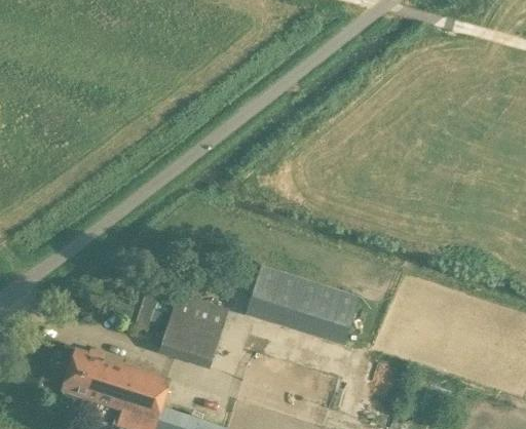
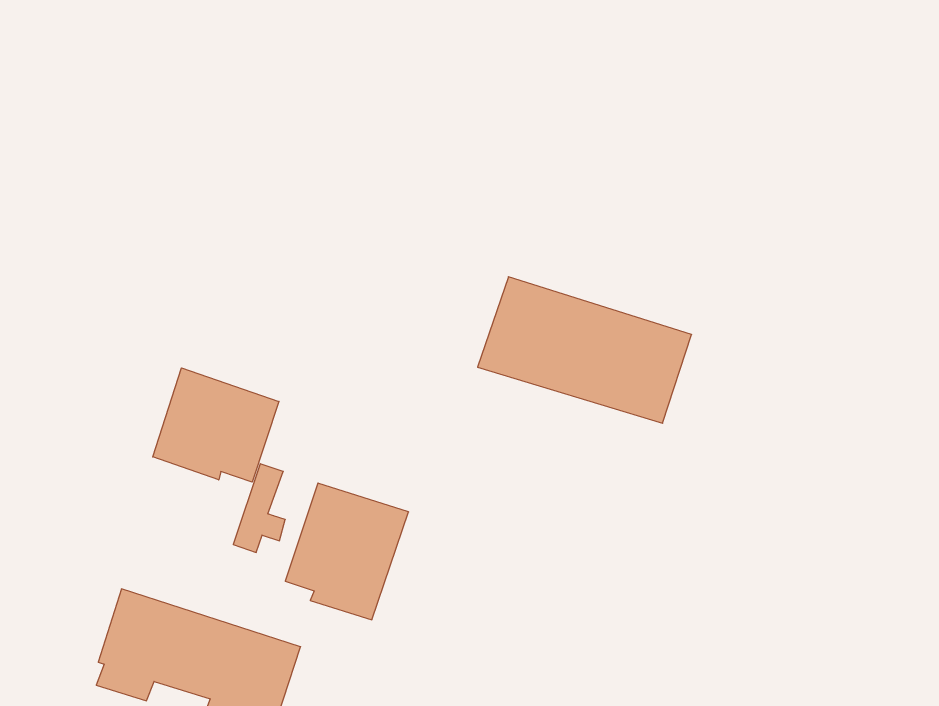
building: none -> [153,368,279,482]
building: [246,264,360,342] -> [478,277,692,423]

